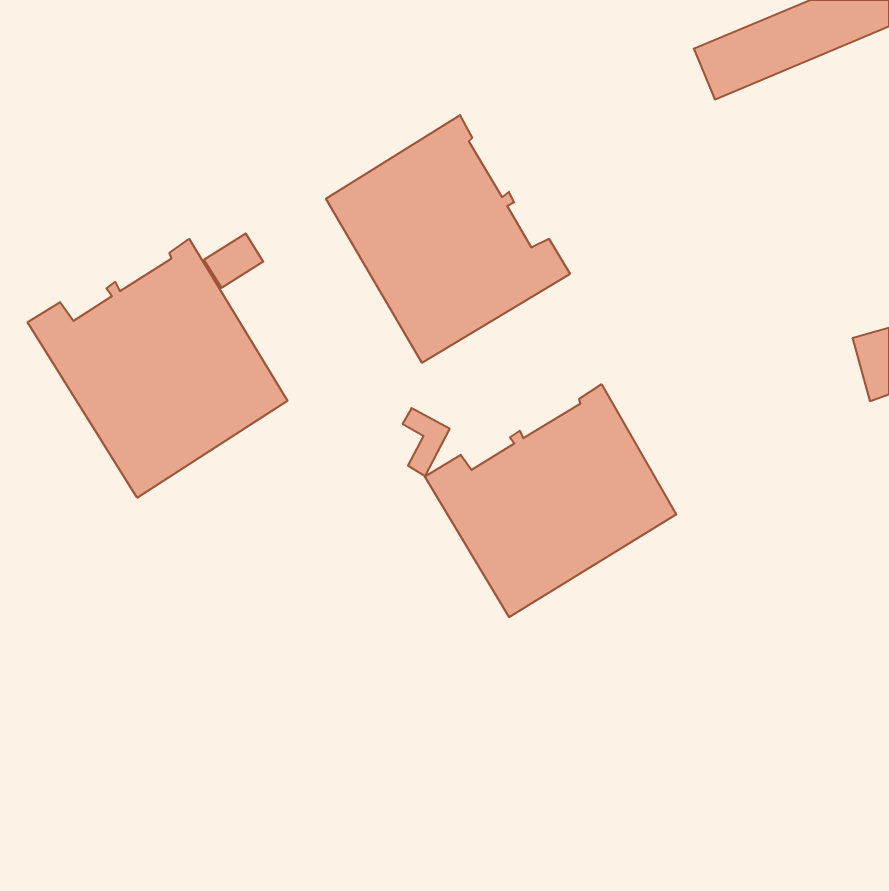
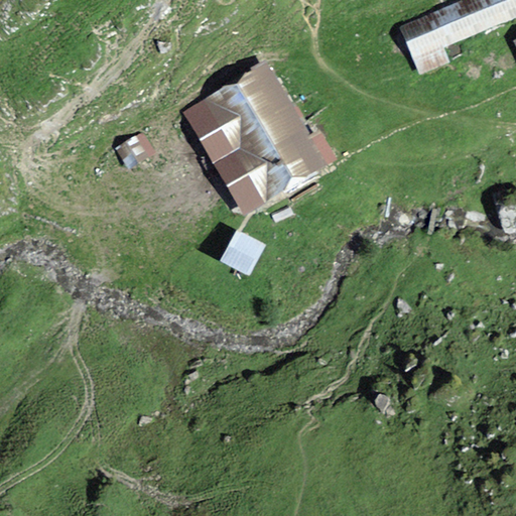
building: [28,239,287,498] -> none
building: [425,384,676,617] -> none

